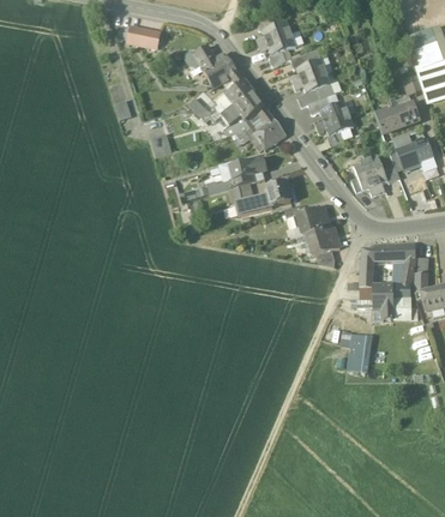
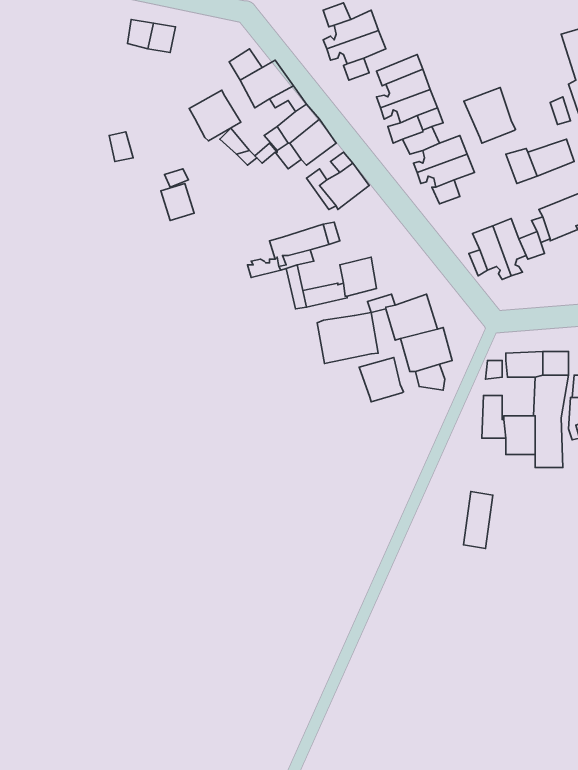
building: none -> [464,88,516,143]
building: none -> [189,90,241,141]
building: none -> [317,313,378,363]
building: none -> [359,357,403,402]

